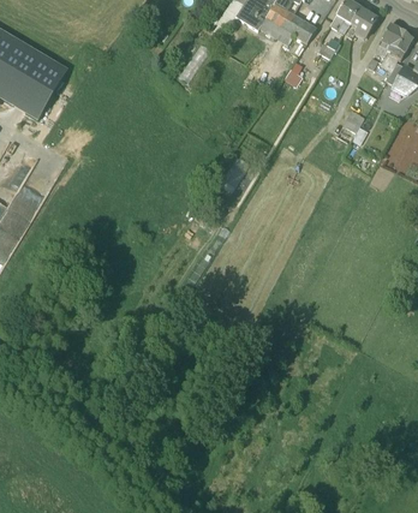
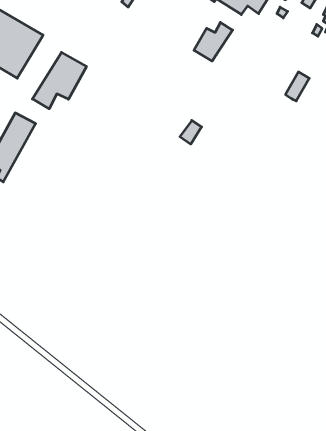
building: none -> [194,22,233,61]
building: none -> [32,52,86,109]

